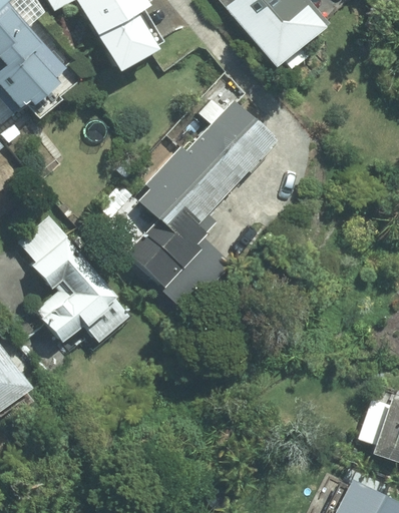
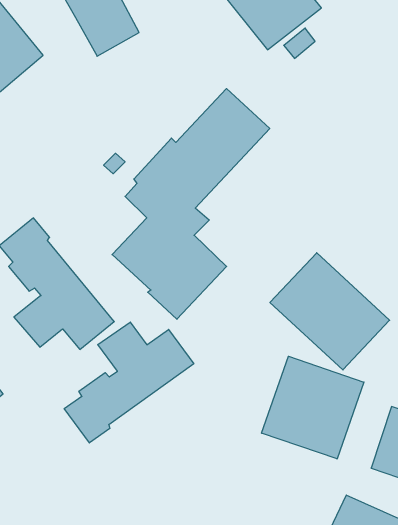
building: none -> [270,253,390,370]
building: none -> [64,322,194,443]
building: none -> [262,356,364,459]

